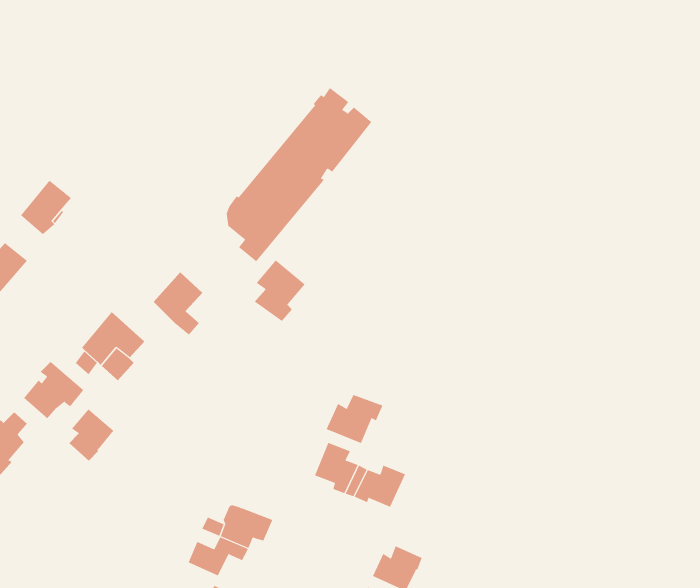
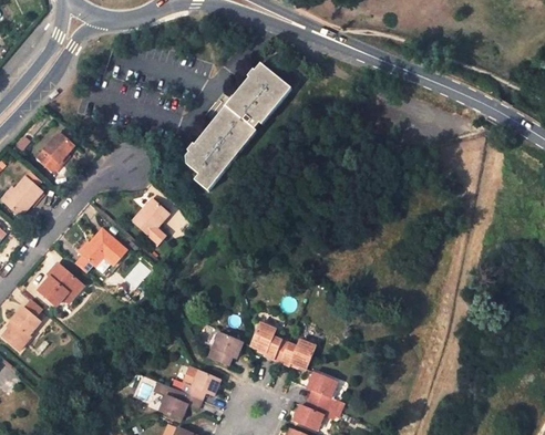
building: [254,259,306,322] -> none
building: [326,394,383,444] -> none
building: [68,408,114,461] -> none
building: none -> [207,332,241,365]
building: none -> [306,372,337,406]

